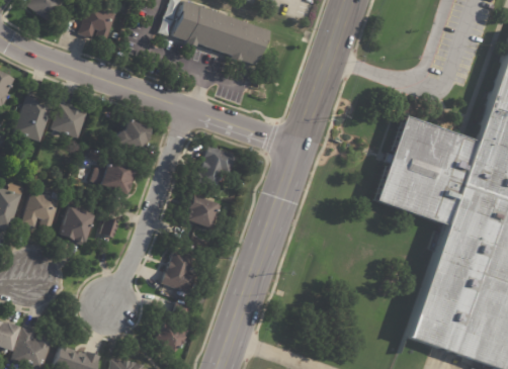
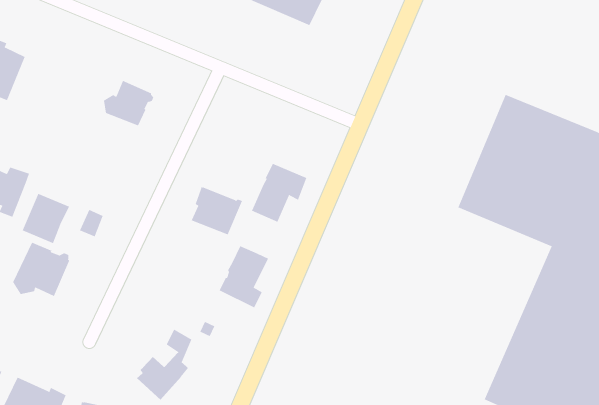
building: [51,102,86,137] -> none
building: [193,145,233,188] -> [251,163,307,222]
building: [88,158,132,193] -> none
building: none -> [12,242,70,297]
building: [159,248,194,293] -> [219,246,269,308]

